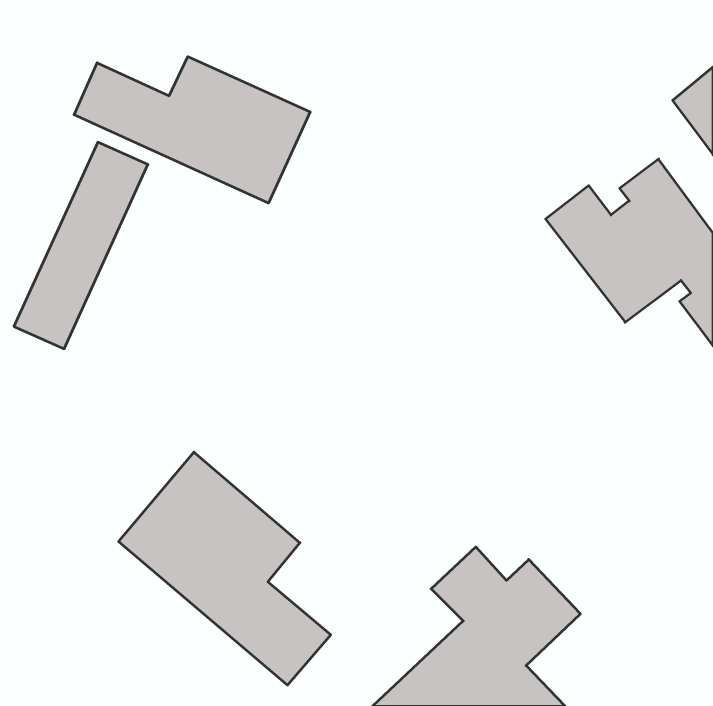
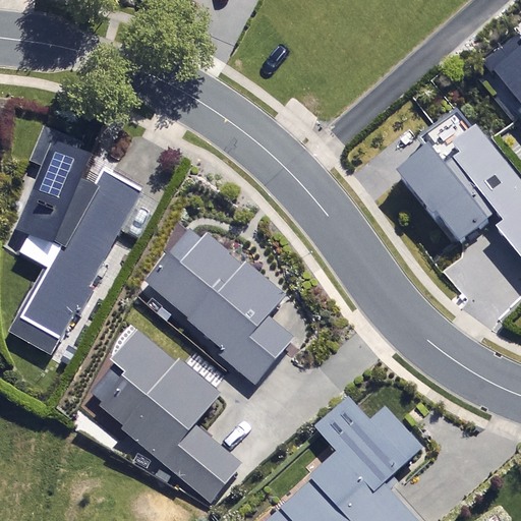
building: [74,57,310,203] -> none
building: none -> [11,170,139,355]
building: none -> [142,221,293,384]

